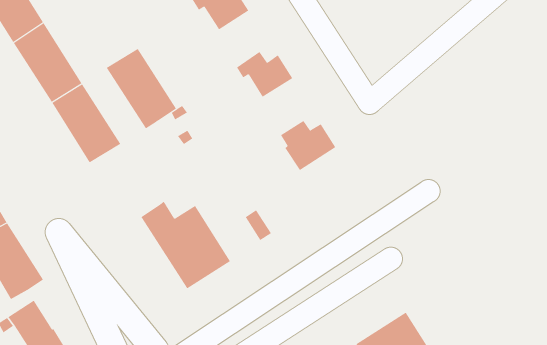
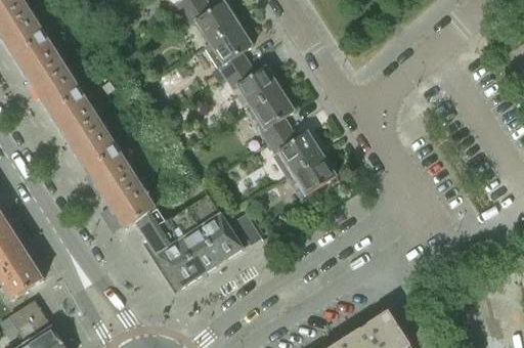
building: none -> [204,24,253,78]
building: [106,48,177,129] -> [86,150,154,227]
building: none -> [245,88,294,142]
building: none -> [287,154,336,198]
building: none -> [187,195,242,262]

